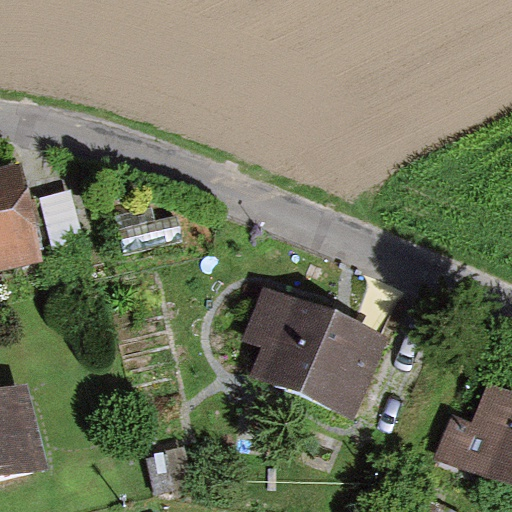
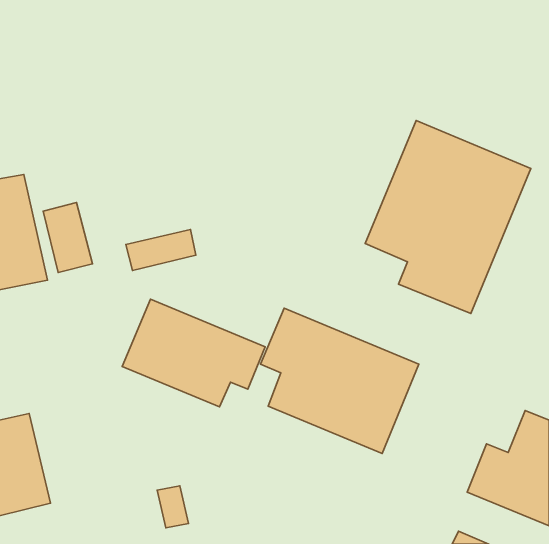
building: none -> [365,121,531,314]
building: none -> [122,299,265,407]

